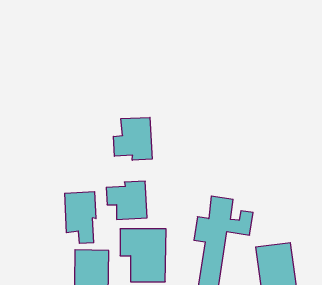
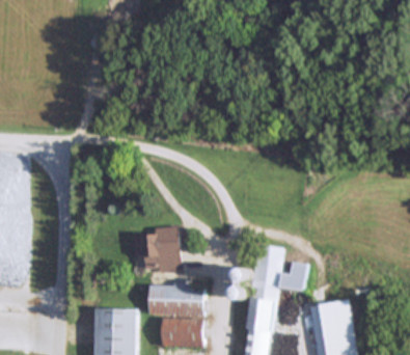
building: [113,117,152,160] -> none
building: [65,192,96,243] -> none

